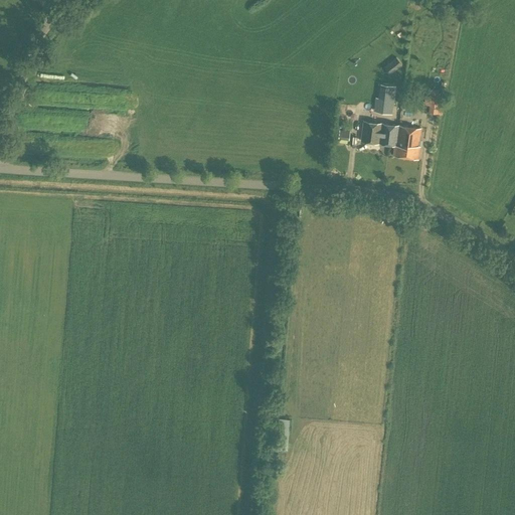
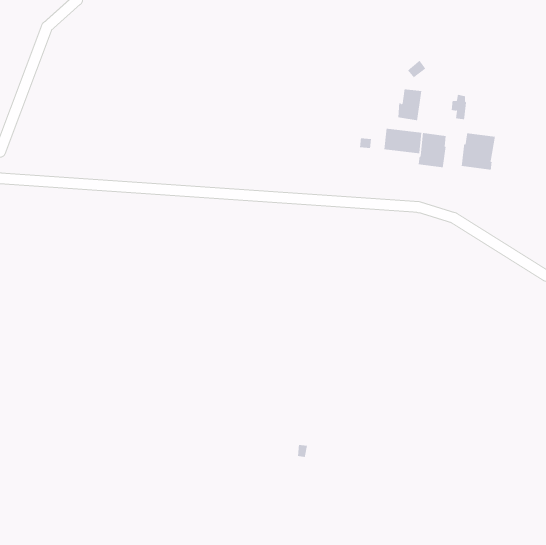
building: none -> [461,133,495,170]

